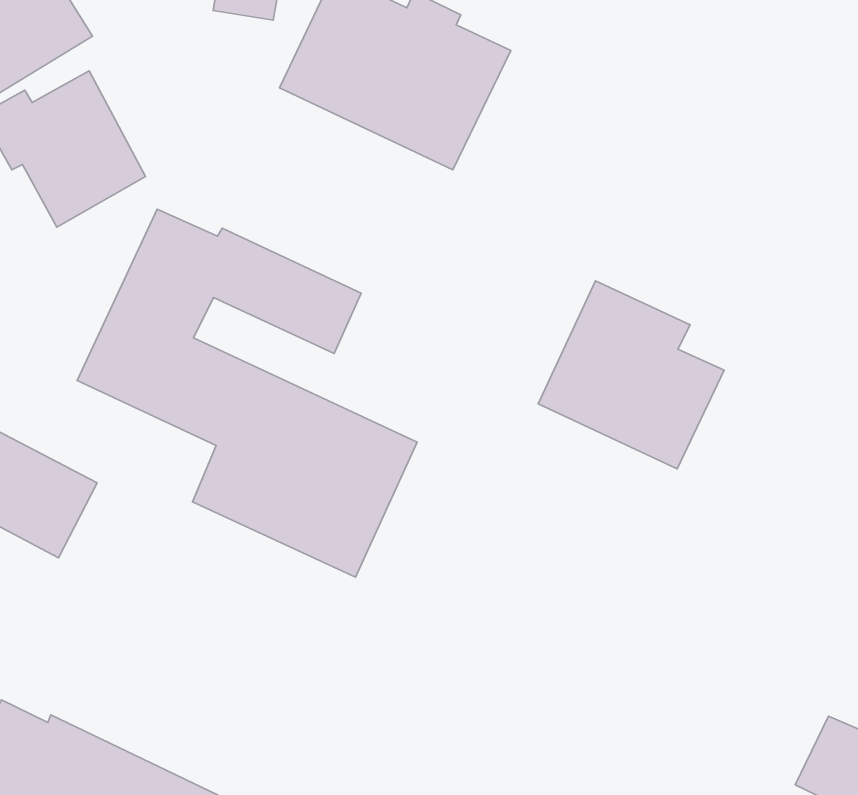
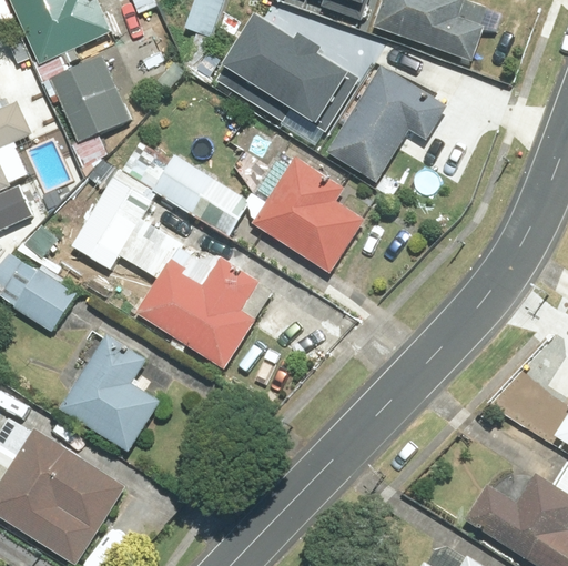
building: none -> [325,64,442,180]
building: [538,281,724,469] -> [251,154,362,270]
building: none -> [61,335,166,452]

